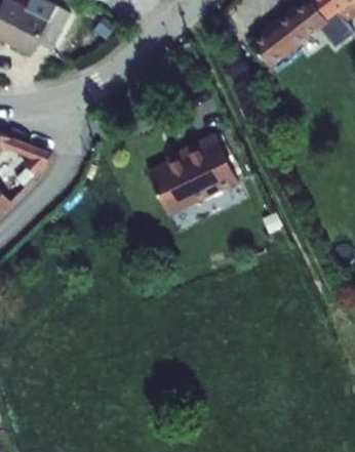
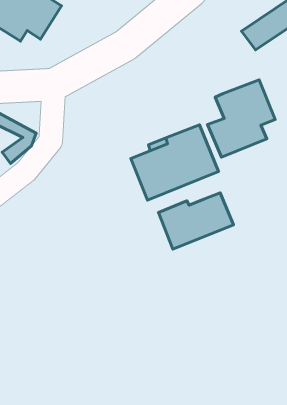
building: none -> [207,80,275,157]
building: none -> [158,193,233,249]

